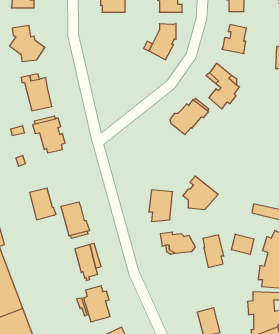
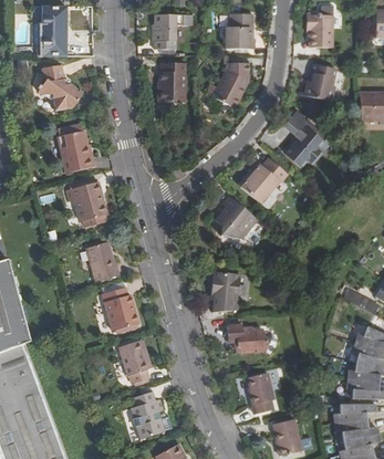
building: none -> [157,64,184,103]
building: [183,176,218,209] -> [214,197,258,239]
building: [30,188,56,220] -> [85,241,118,281]
building: [231,234,254,255] -> none
building: [203,235,224,267] -> [247,374,273,415]

